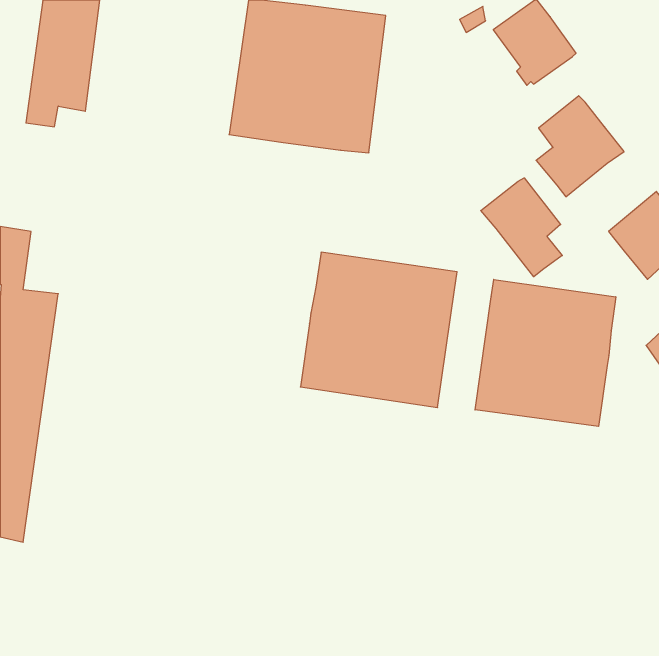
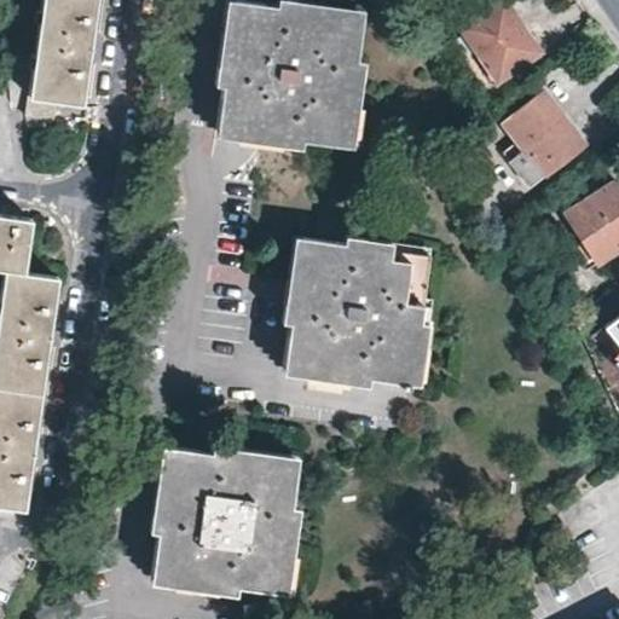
building: [481,178,562,277] -> none
building: [475,279,616,426] -> none
building: none -> [151,450,296,595]

